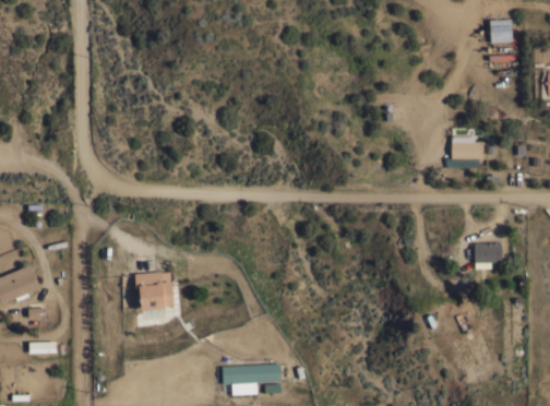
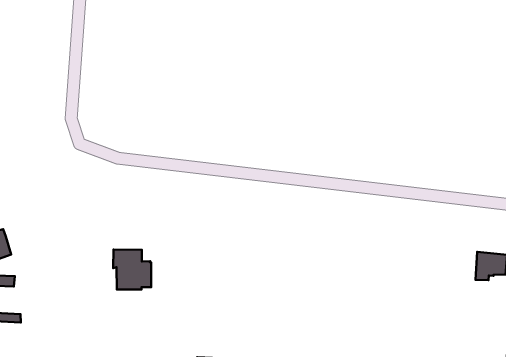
building: [452,136,483,160] -> none

